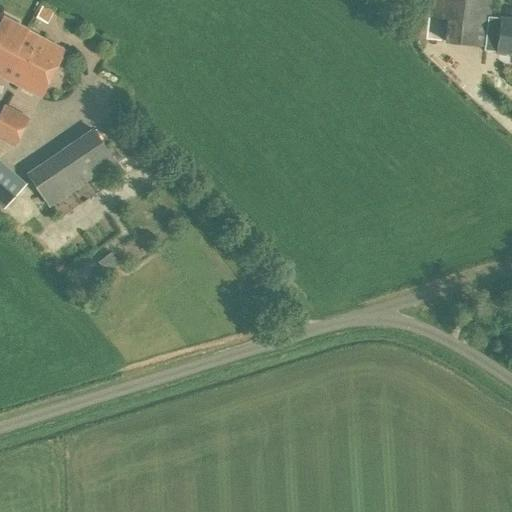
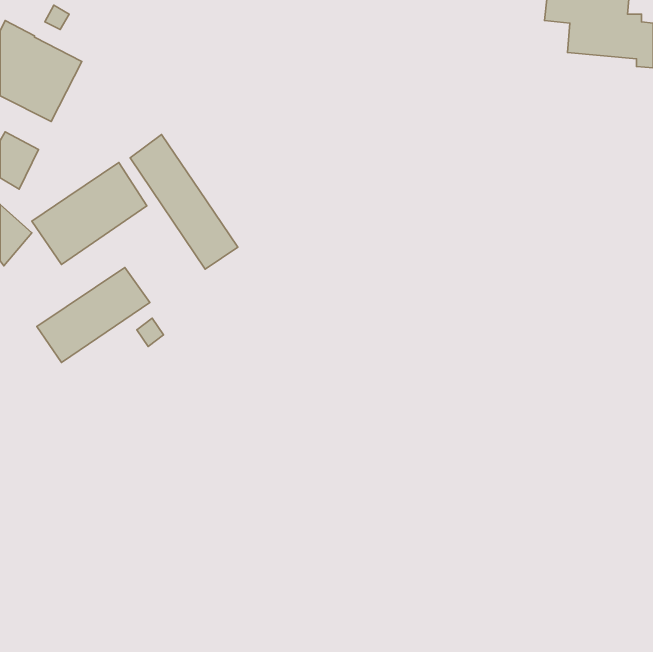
building: none -> [130,135,238,269]
building: none -> [37,267,150,363]

